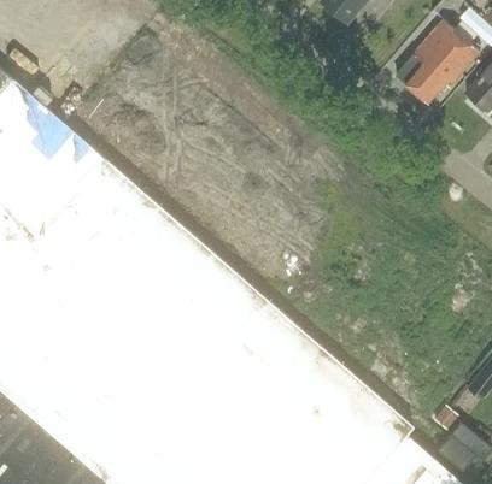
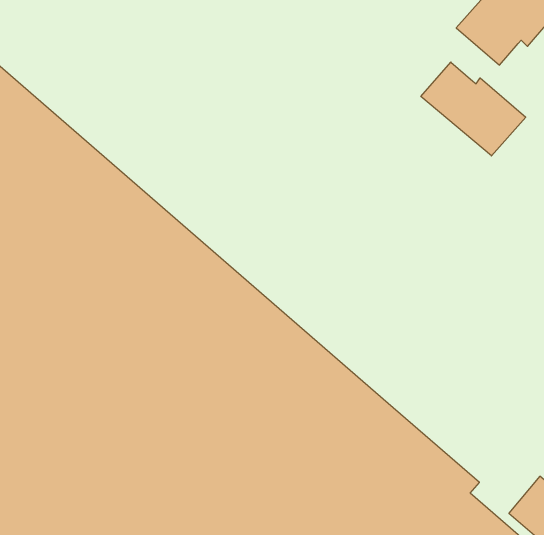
building: none -> [421,62,526,156]

